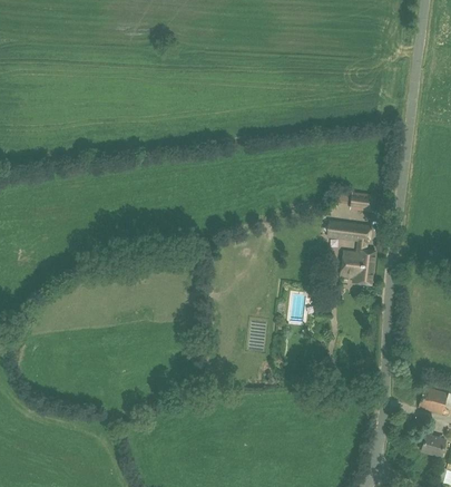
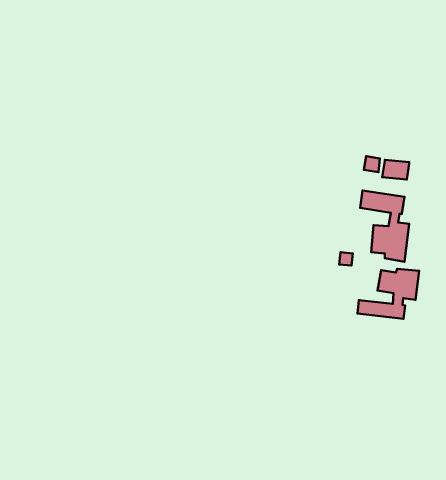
building: none -> [357,269,419,319]

